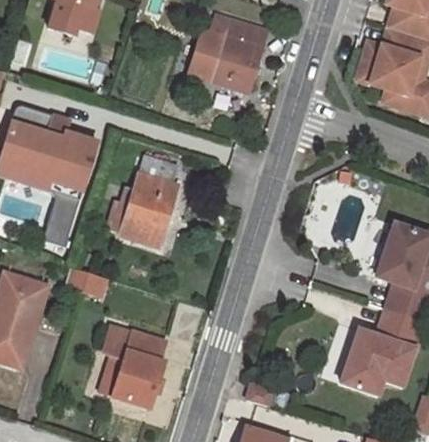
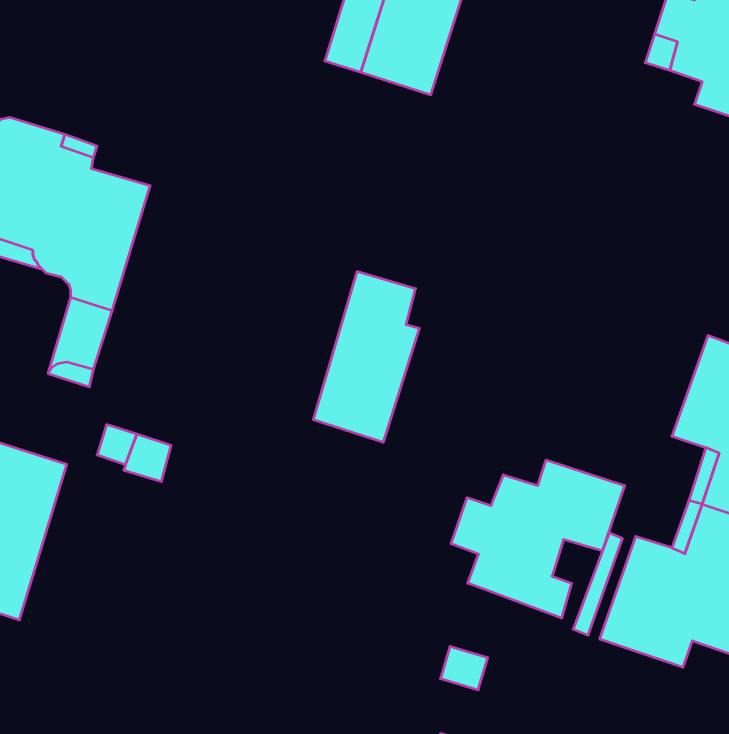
building: [122,155,178,245] -> [313,272,419,442]
building: none -> [451,460,625,618]
building: [98,325,166,408] -> none

